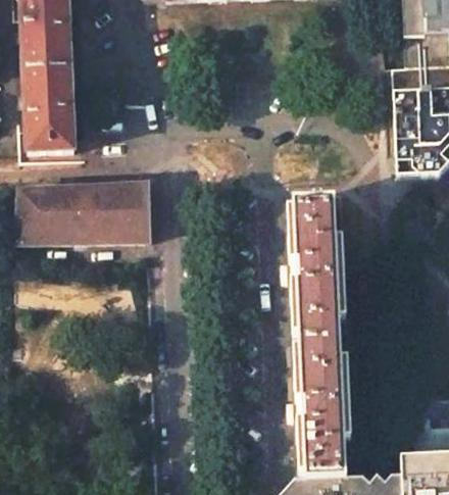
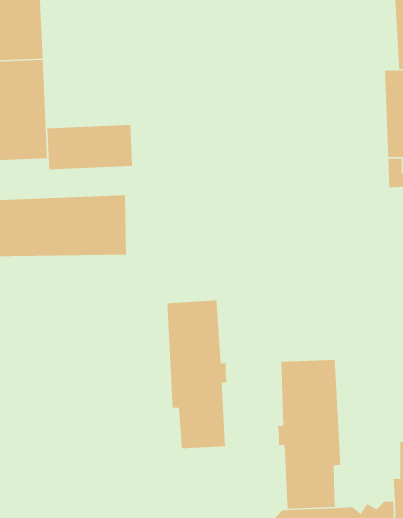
building: none -> [47,124,133,170]
building: [285,203,346,344] -> none
building: none -> [167,300,227,449]

